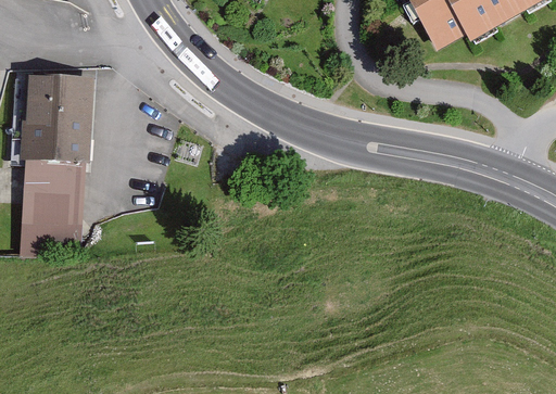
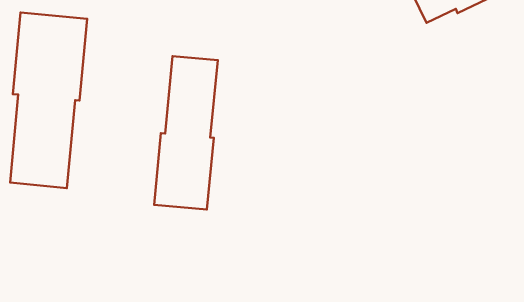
building: none -> [154,56,218,210]

